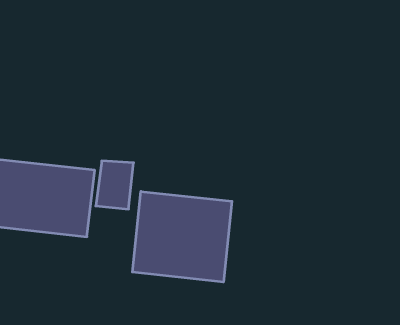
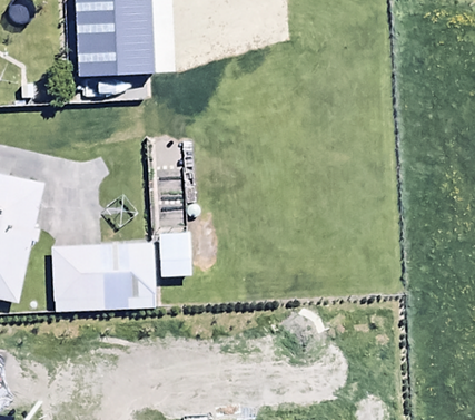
building: [132,191,232,282] -> none

